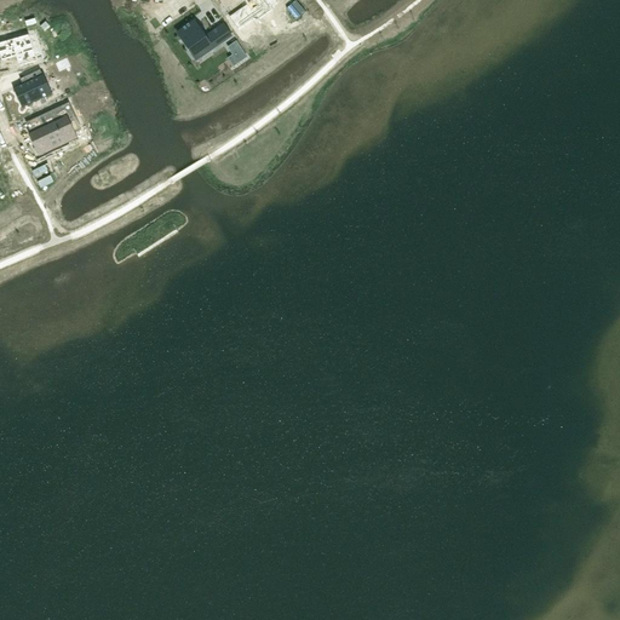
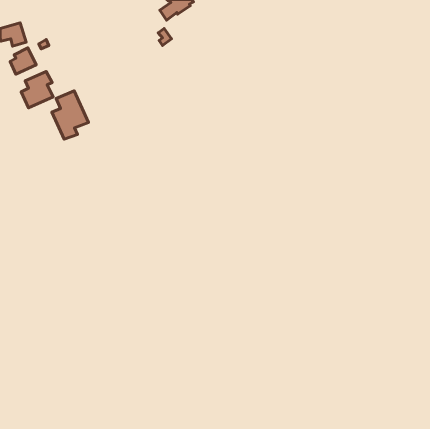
building: [177,19,231,59] -> none
building: none -> [52,91,88,139]

